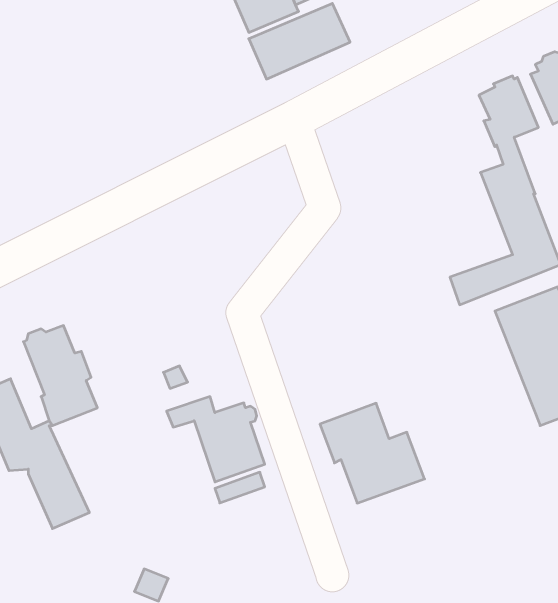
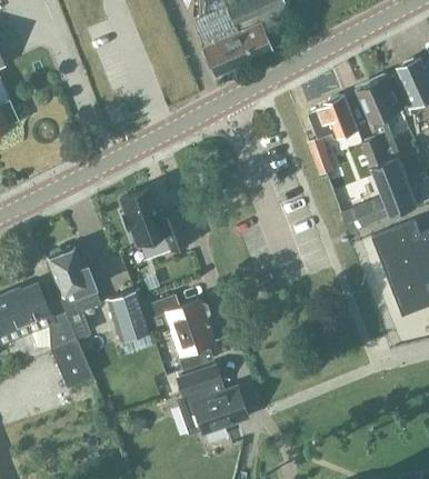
building: none -> [309,96,358,173]
building: none -> [120,188,187,251]
building: none -> [106,290,151,341]
building: [320,403,425,503] -> [178,365,250,433]

